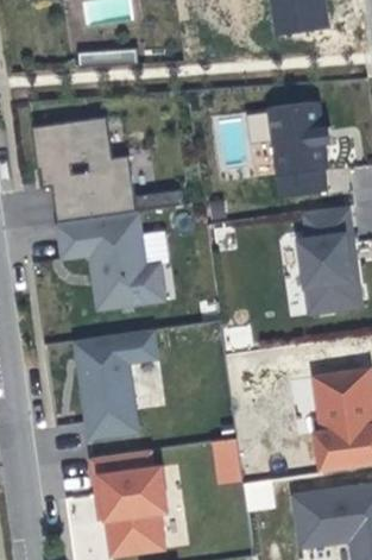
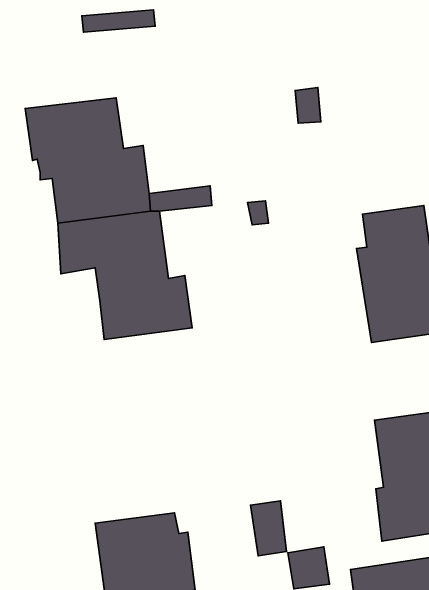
building: [267,102,329,195] -> none
building: [71,328,157,443] -> none

